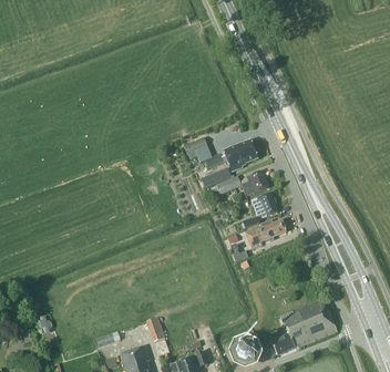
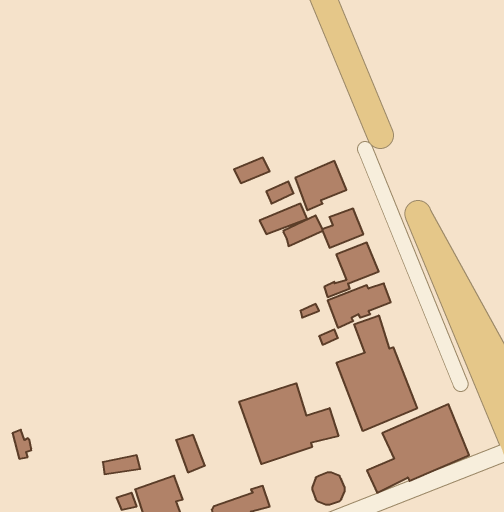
building: none -> [337,315,417,431]
building: none -> [239,383,338,464]

